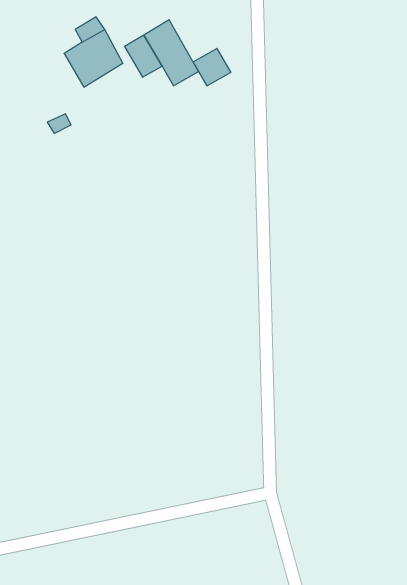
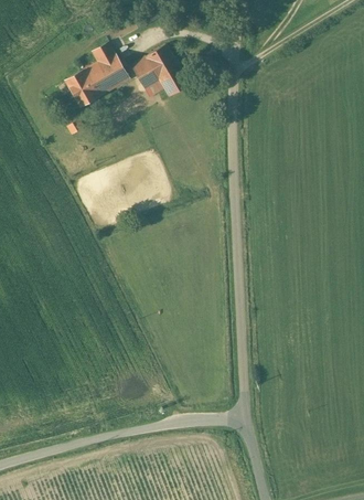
building: [193,48,231,86] -> none
building: none -> [64,72,97,108]

